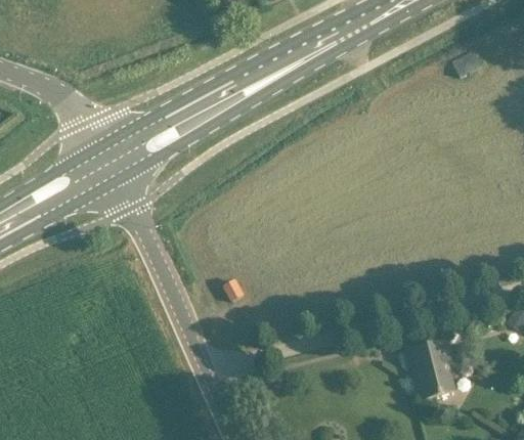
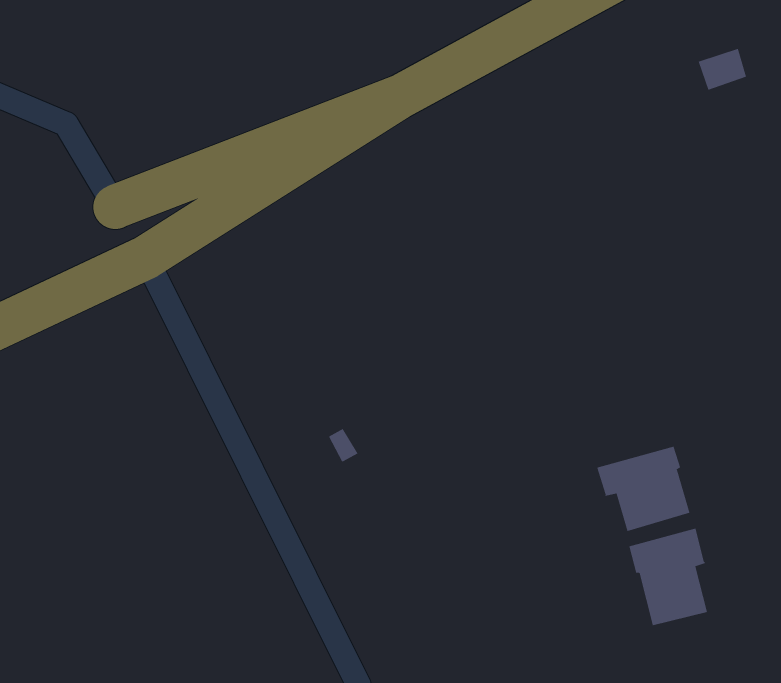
building: none -> [596,446,690,532]

